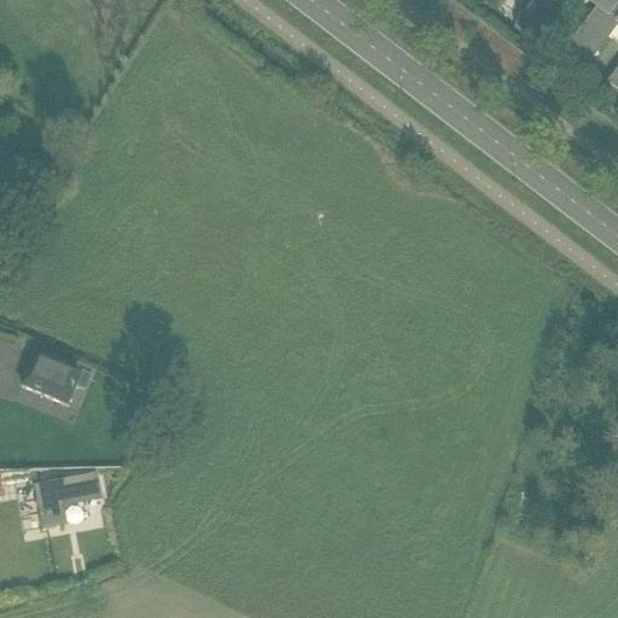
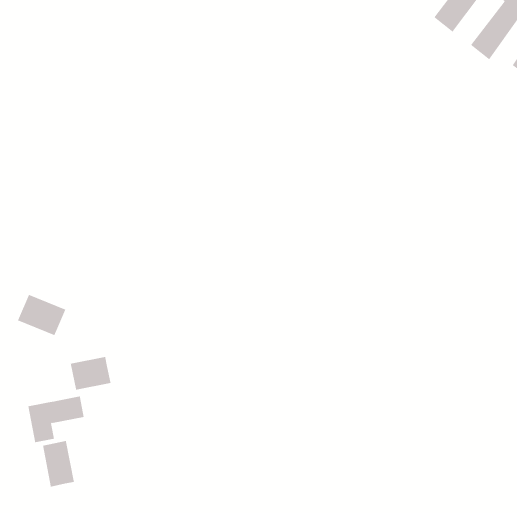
building: none -> [70,356,111,390]
building: none -> [42,440,74,487]

